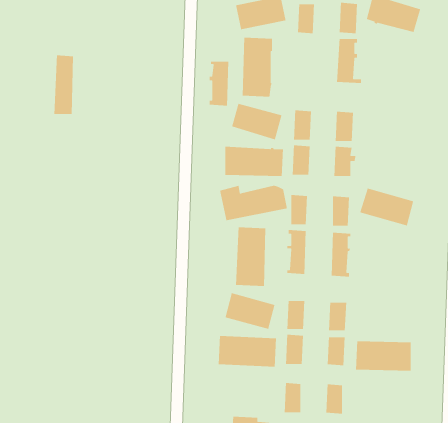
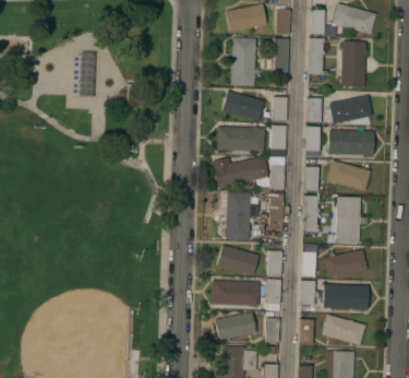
building: none -> [340,40,366,87]
building: [209,61,229,107] -> [273,38,289,75]
building: none -> [329,95,373,125]
building: none -> [328,130,374,155]
building: none -> [336,197,361,243]
building: none -> [324,249,368,279]
building: none -> [215,312,256,340]
building: none -> [322,314,365,345]

